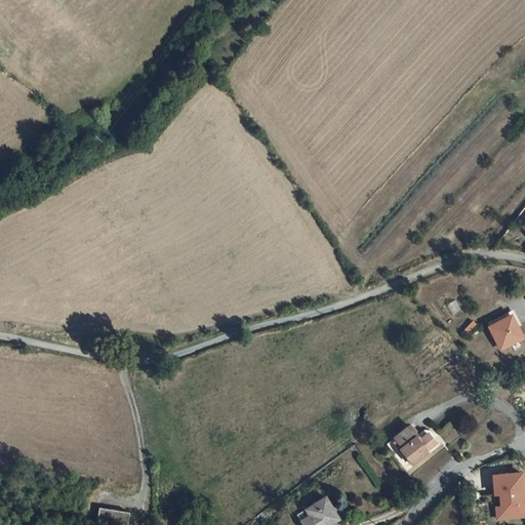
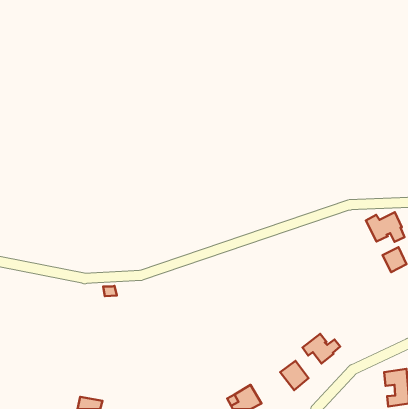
building: none -> [366,212,404,242]
building: none -> [280,361,309,390]

